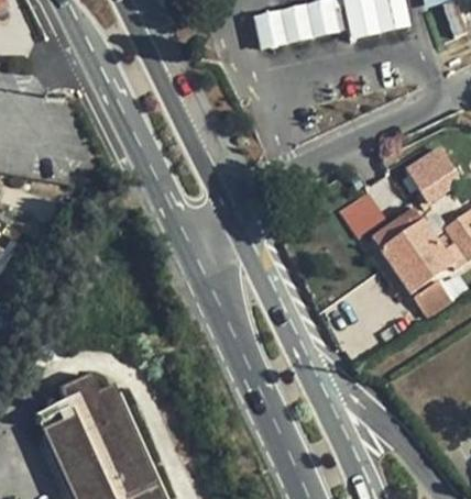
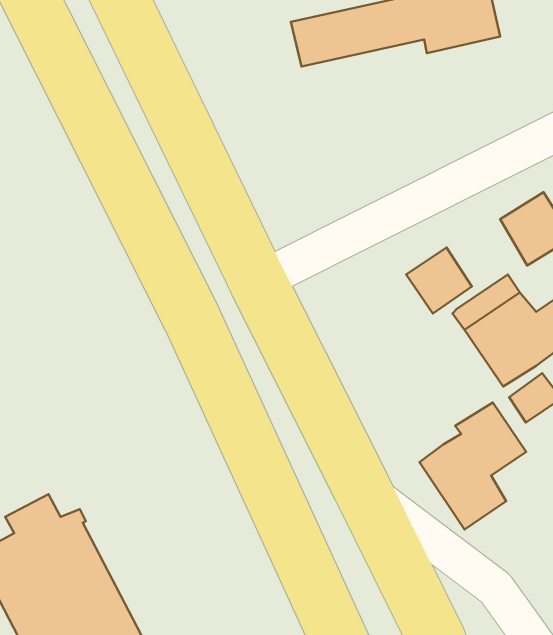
building: none -> [419,403,526,529]

